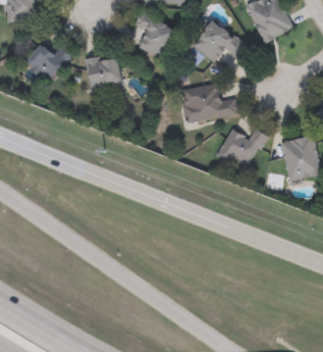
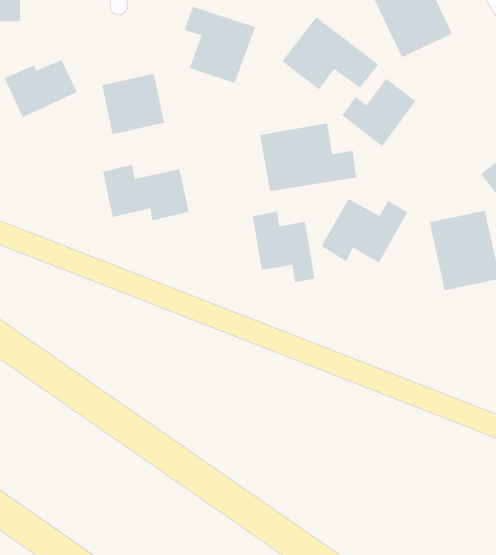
building: none -> [341,78,416,147]
building: none -> [102,164,189,221]
building: none -> [252,211,315,283]

